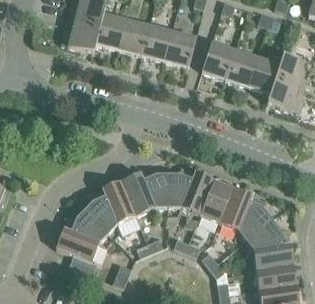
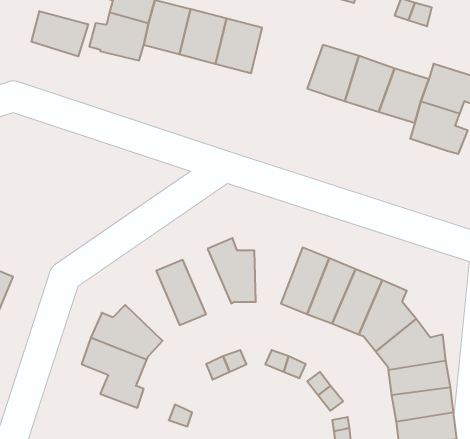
building: none -> [31,11,88,56]
building: [165,32,196,67] -> none
building: [167,167,198,209] -> none
building: [121,174,152,216] -> none
building: [84,188,119,233] -> none

